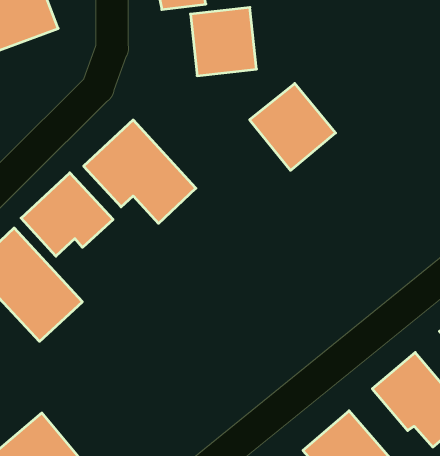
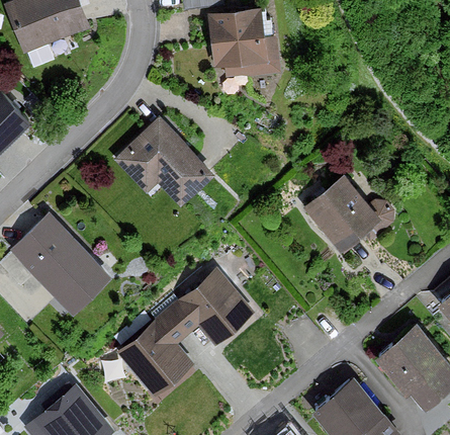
building: [250,83,336,170] -> [302,171,381,251]
building: [21,173,113,256] -> none
building: none -> [114,264,255,398]

